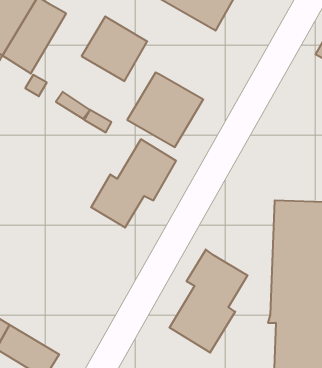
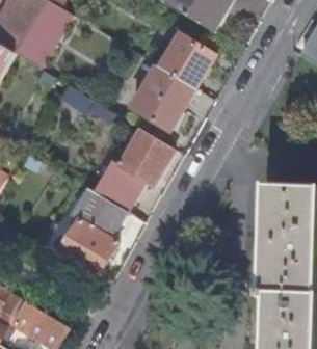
building: [82,16,147,81] -> [158,34,218,93]
building: [169,249,248,353] -> [54,187,126,281]

